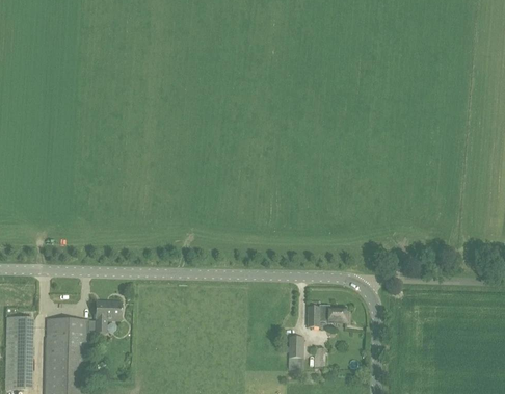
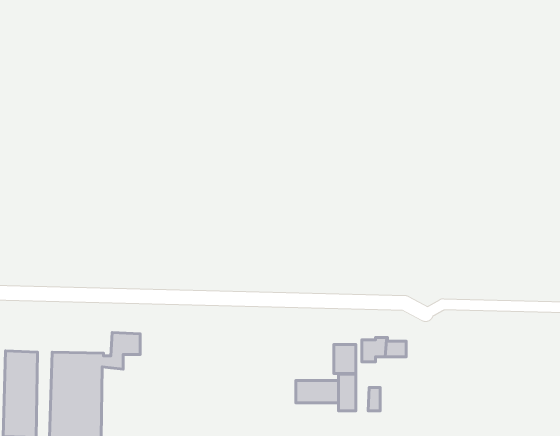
building: none -> [334,344,356,373]
building: none -> [296,380,339,403]

